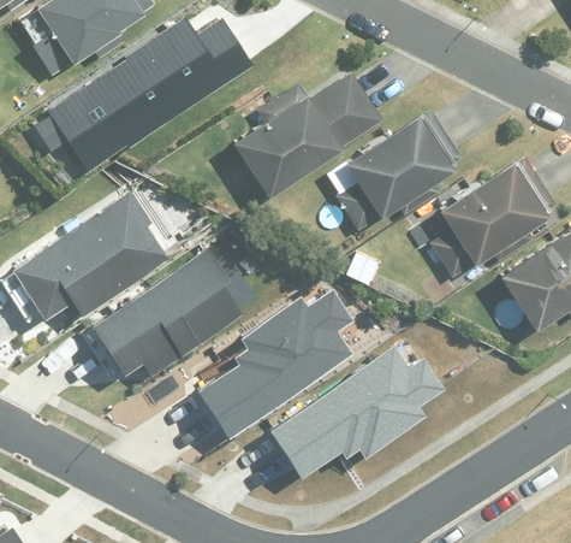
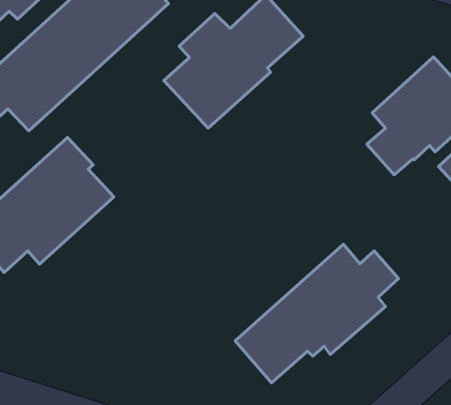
building: [340,119,460,232] -> none
building: [82,246,242,372] -> none
building: [194,287,353,432] -> none

